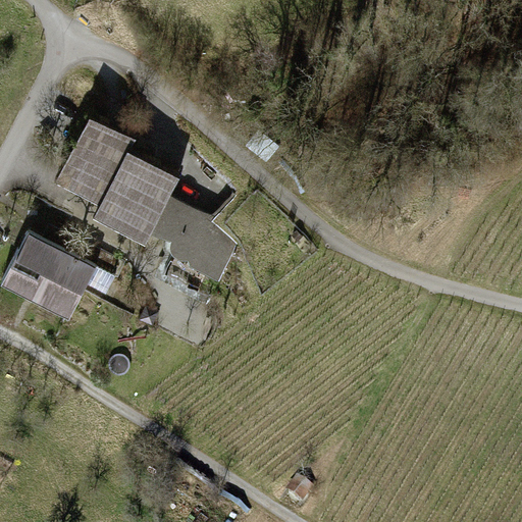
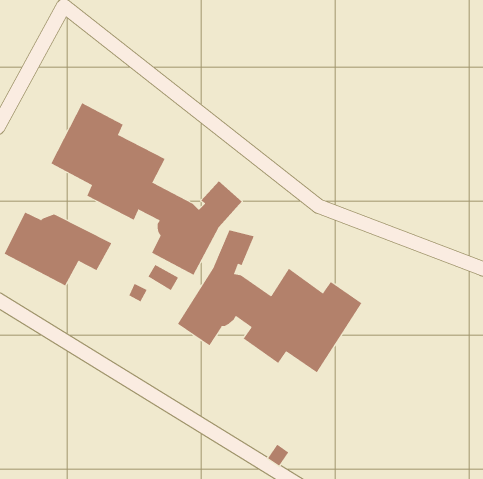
building: none -> [177,230,362,373]

